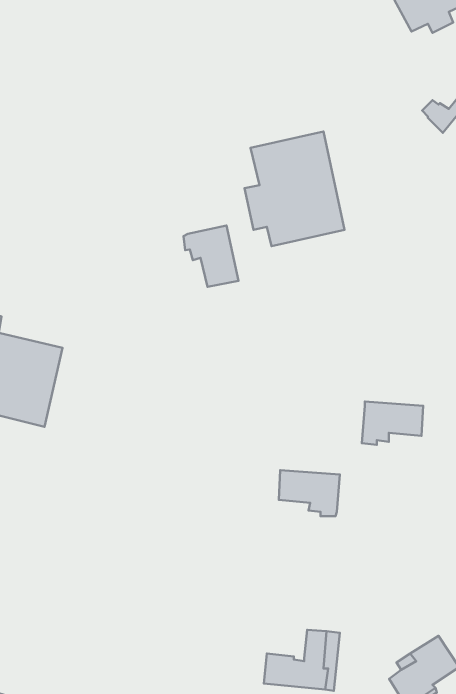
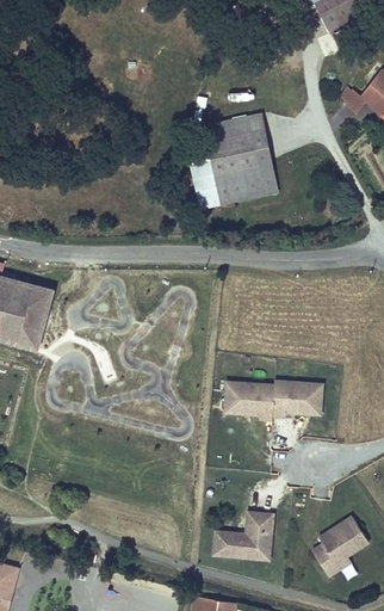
building: [183,226,238,287] -> none
building: [362,401,423,445] -> [271,383,320,418]

